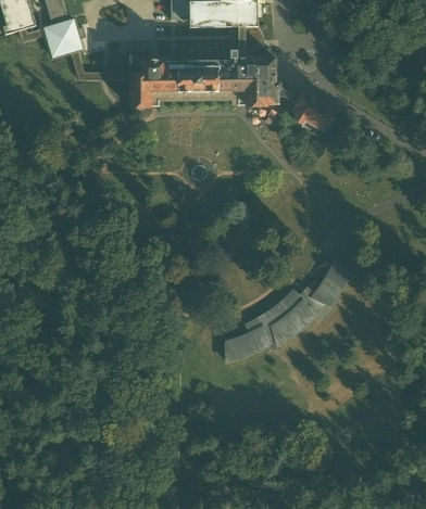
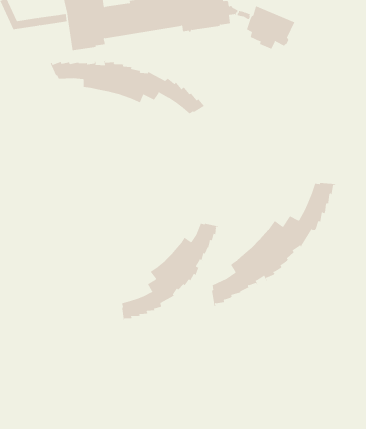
building: none -> [50,60,206,114]
building: none -> [121,223,218,321]

